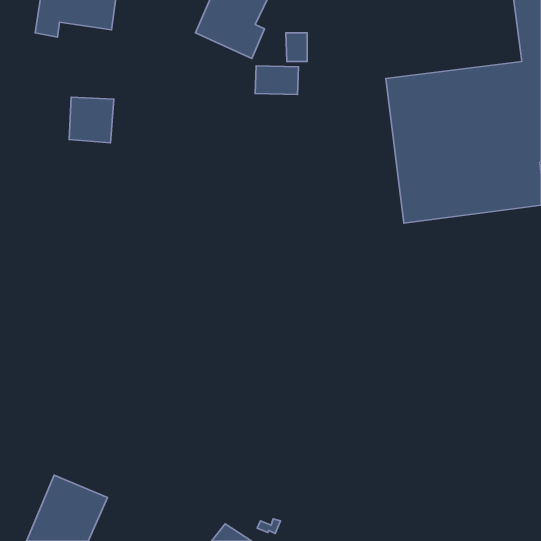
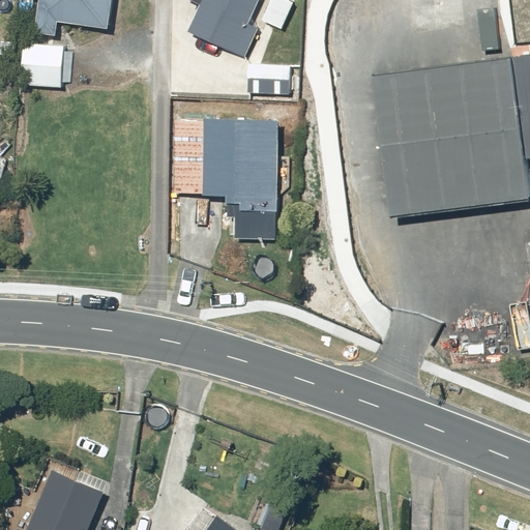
building: [69,97,114,143] -> [21,42,64,87]
building: none -> [175,119,279,239]

